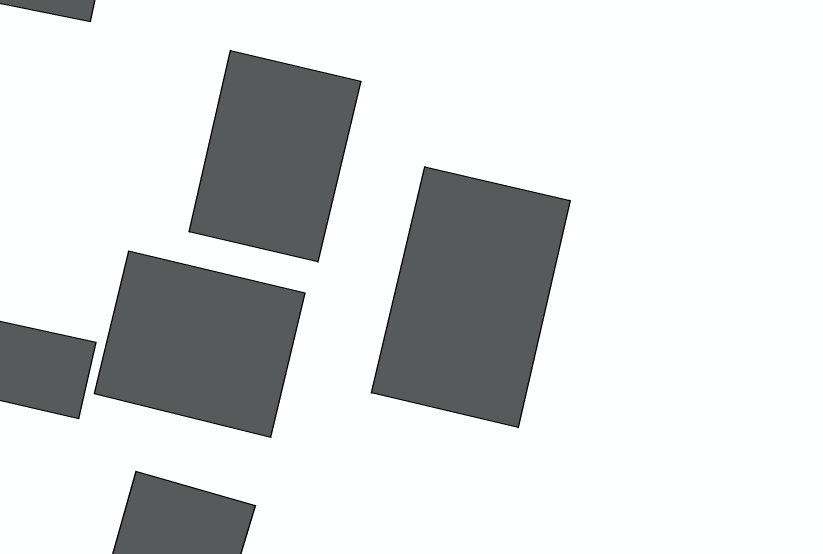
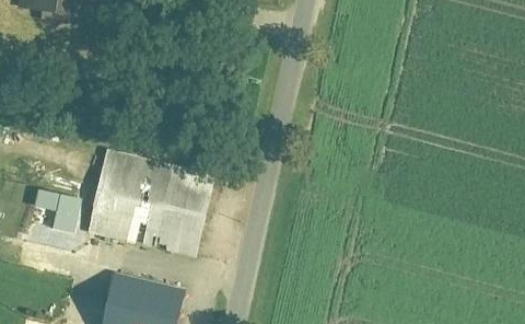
building: [189,50,361,262] -> none
building: [371,167,570,428] -> none

